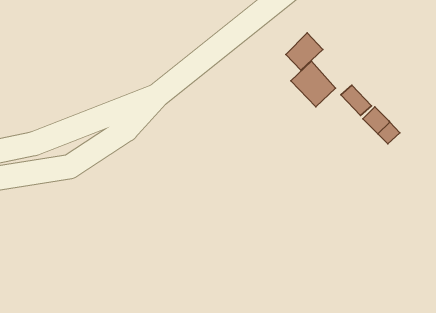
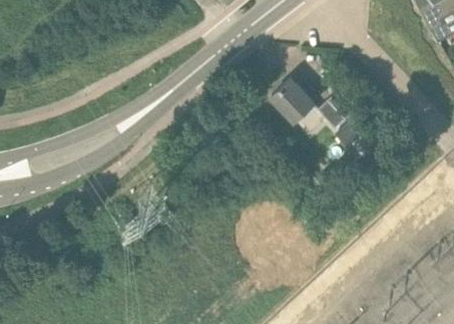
building: [286,33,323,70] -> none

